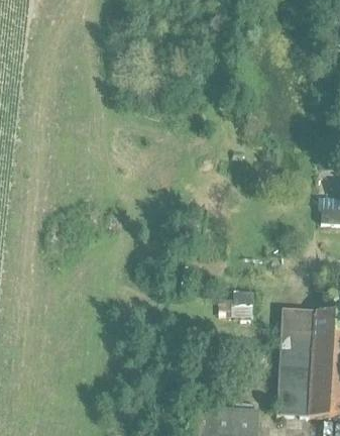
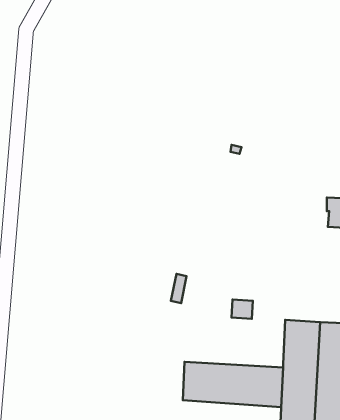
building: none -> [183,362,283,407]

